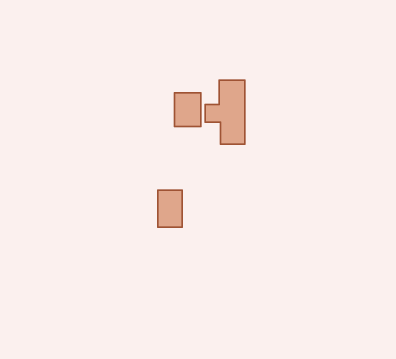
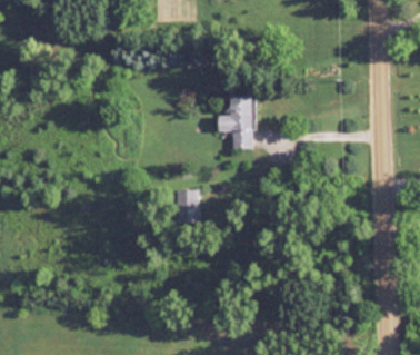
building: [174,93,201,127] -> none

